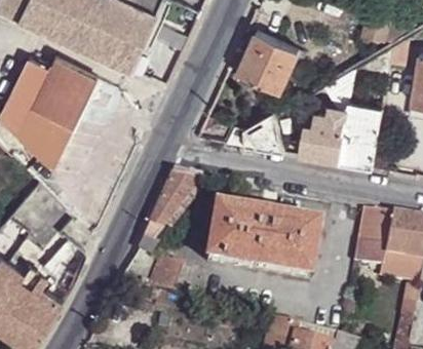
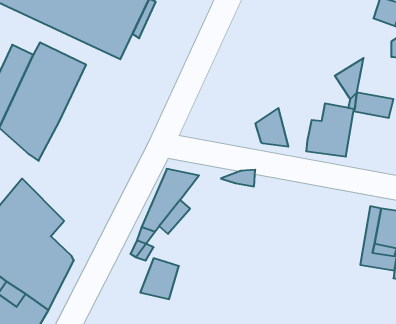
building: [238,31,300,90] -> none
building: [337,119,377,167] -> none
building: [205,208,316,279] -> none

